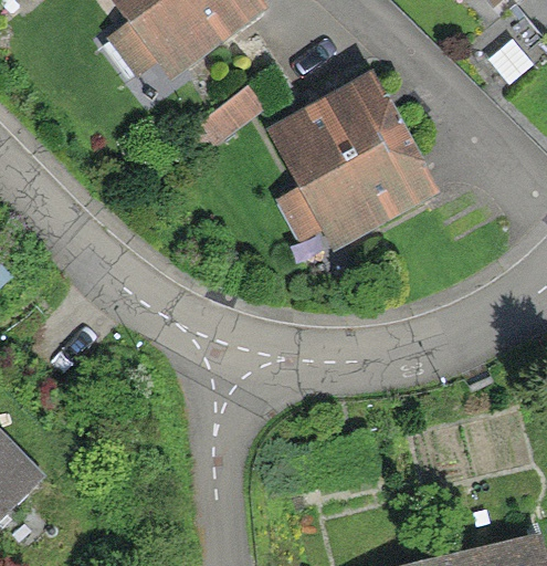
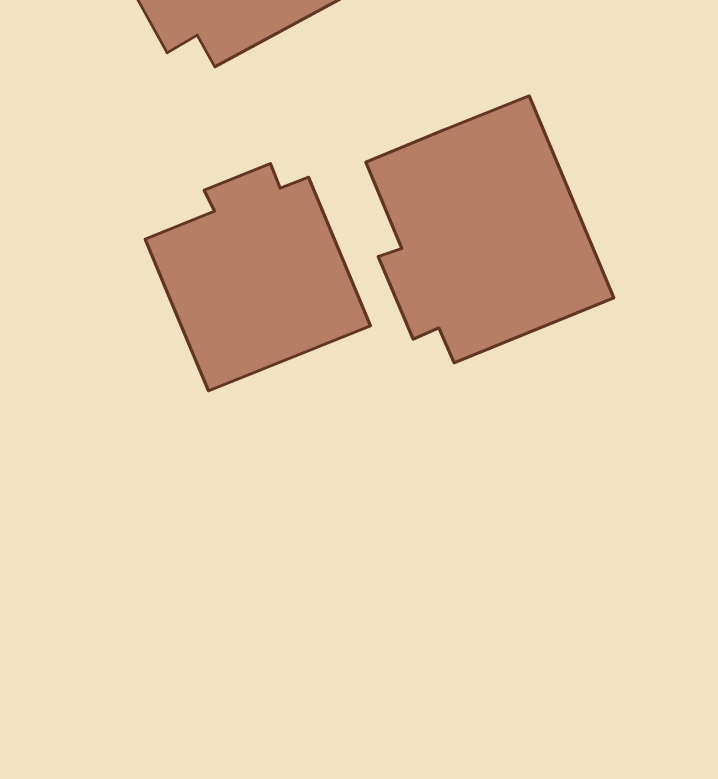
building: none -> [145,164,370,391]

